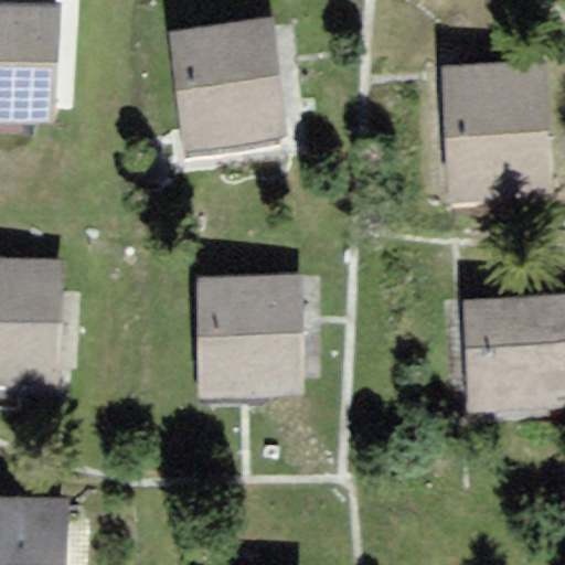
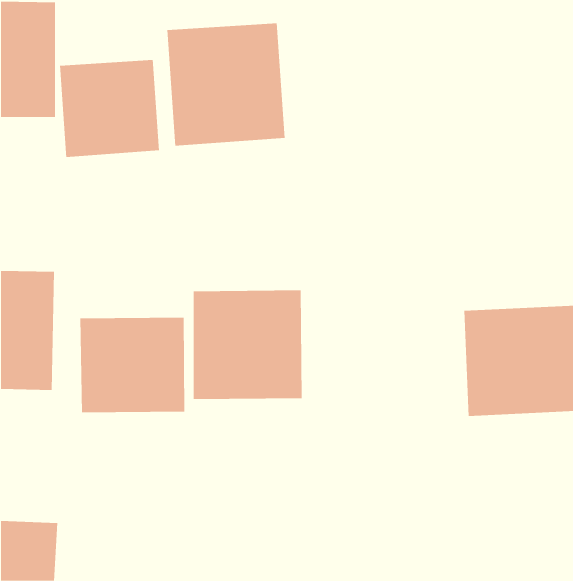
building: none -> [60,59,159,158]
building: [436,63,548,207] -> none
building: none -> [80,317,185,413]

